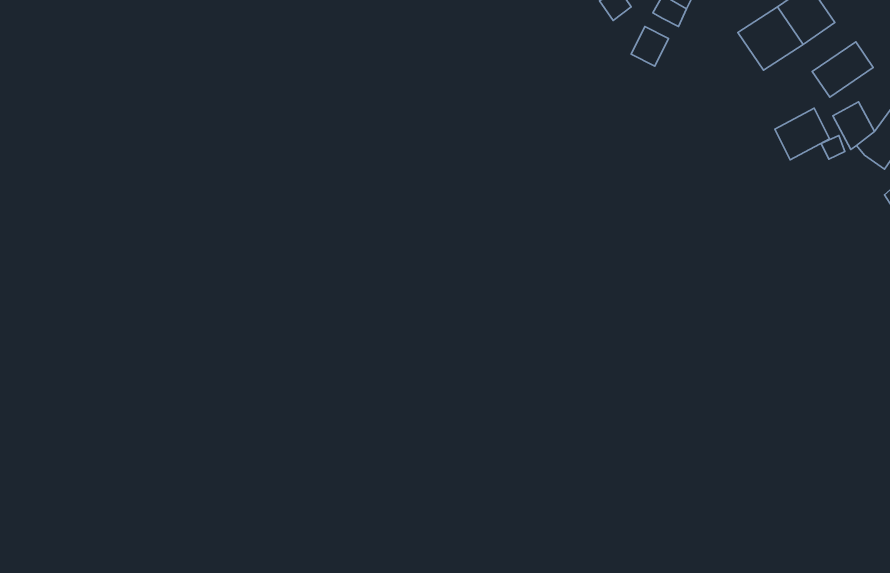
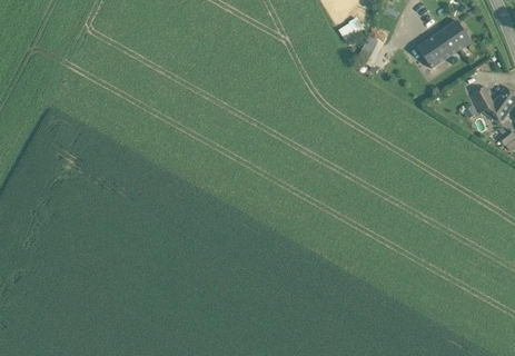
building: [812,42,873,97] -> none
building: [775,108,829,160] -> none

